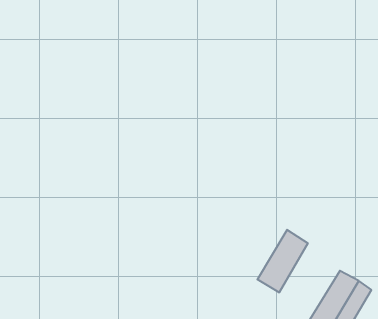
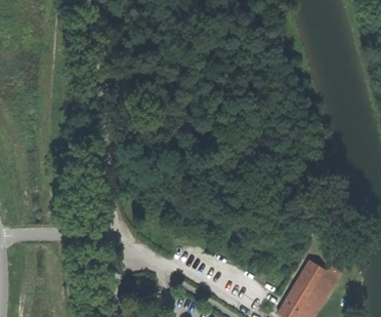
building: [257,230,308,293] -> none

